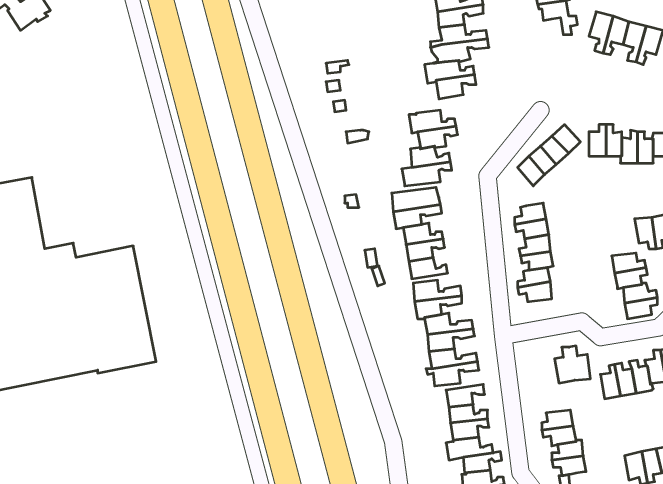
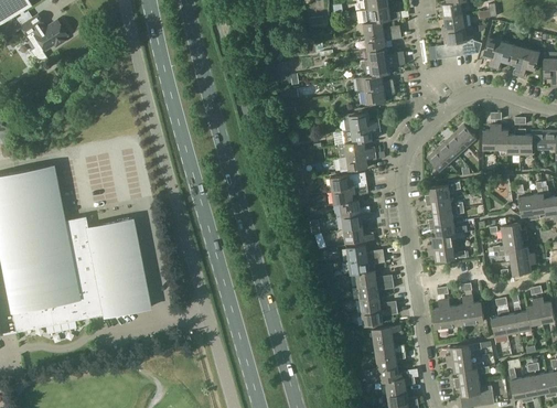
building: none -> [432,299,460,329]

